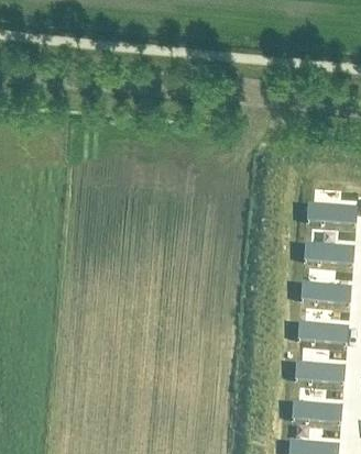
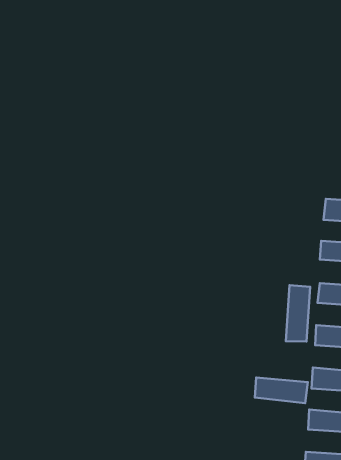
building: none -> [286,285,310,341]
building: none -> [255,377,308,403]

